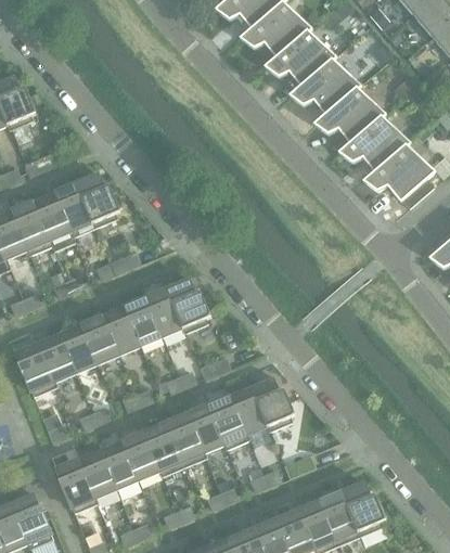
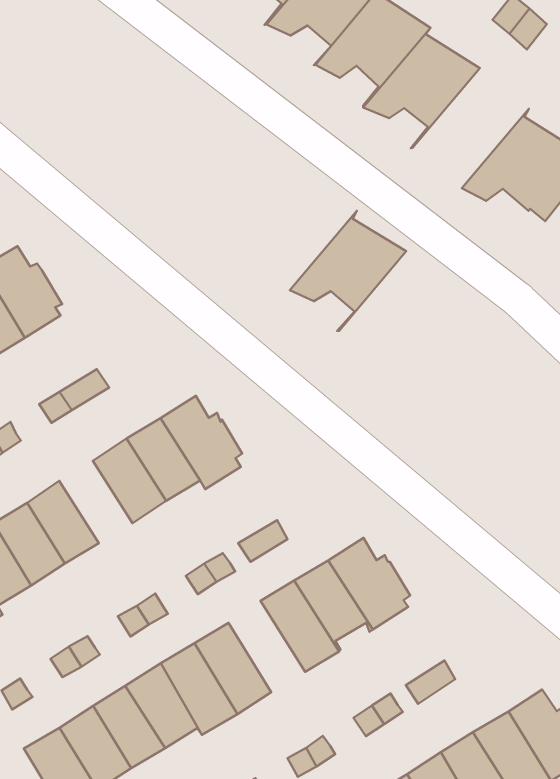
building: [338,113,410,181] -> [290,211,406,331]
building: [101,306,140,355] -> none
building: [187,403,227,458] -> none

